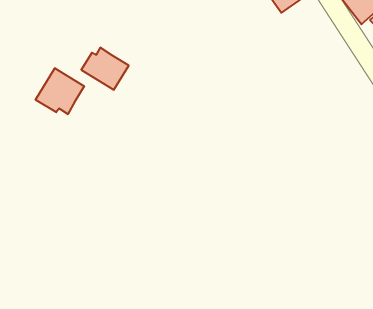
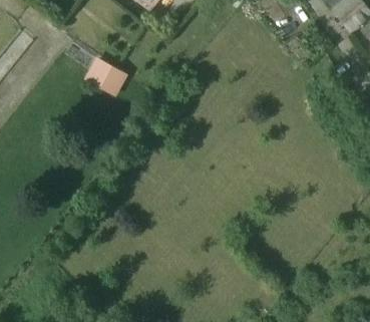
building: [36,68,84,114] -> none

